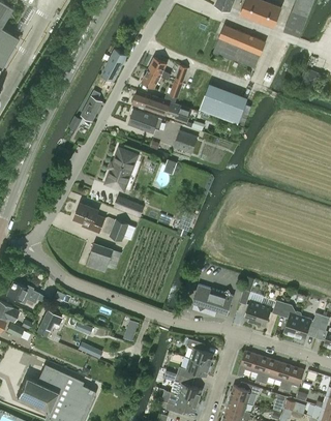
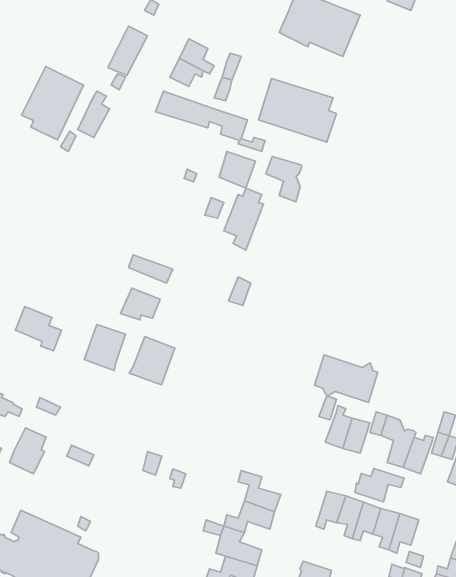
building: none -> [21,66,83,140]
building: [128,109,163,131] -> none
building: none -> [266,157,302,202]
building: [109,150,134,190] -> [224,188,263,250]
building: [74,203,104,232] -> [15,306,61,351]
building: none -> [129,336,175,385]
building: [192,284,234,315] -> [315,355,378,402]
building: [229,382,261,403] -> [355,469,404,502]

